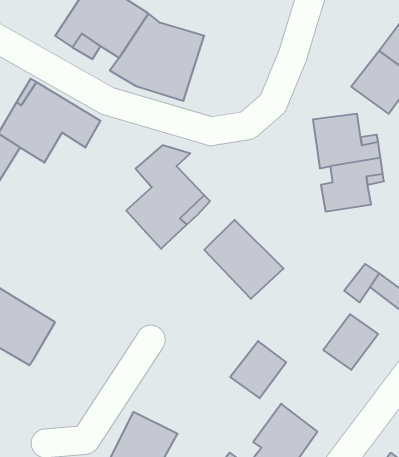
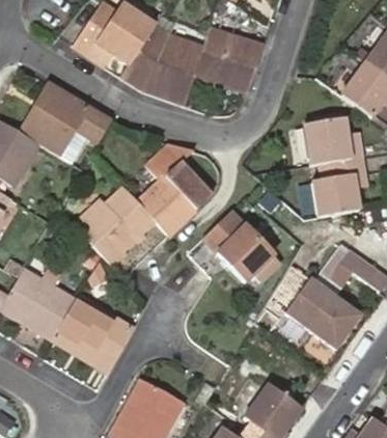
building: none -> [197,28,267,93]
building: none -> [75,189,155,265]
building: none -> [55,297,133,375]
building: [230,341,286,398] -> [286,276,336,327]

